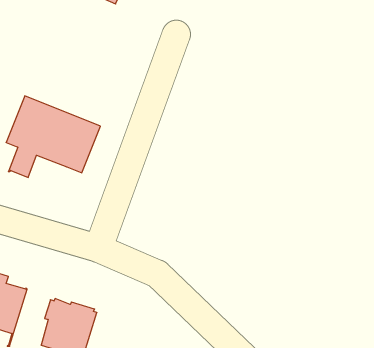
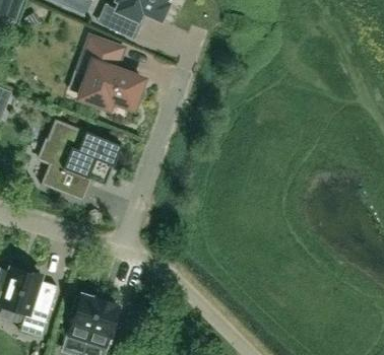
building: none -> [78,40,141,109]

